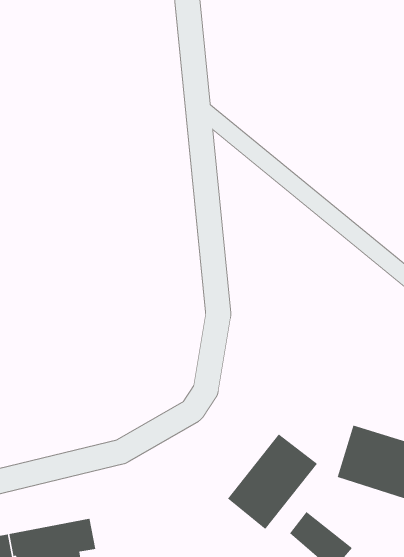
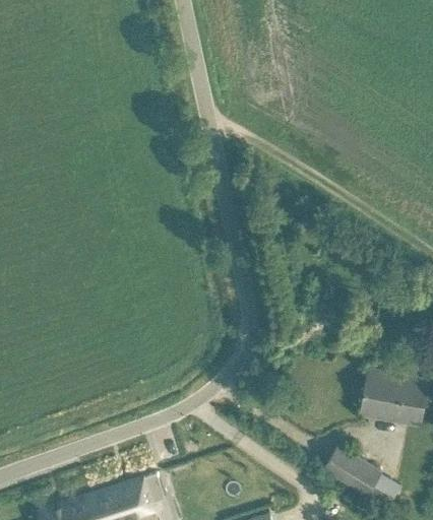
building: [227,434,318,530] -> none

